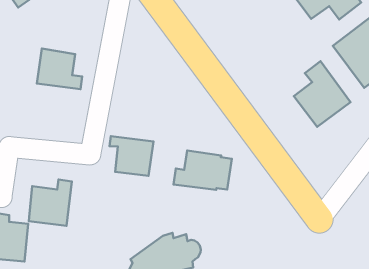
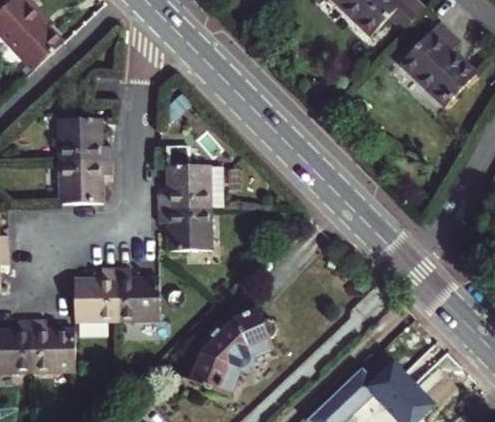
building: [294,61,350,127] -> none
building: none -> [59,158,111,203]
building: [174,151,232,190] -> [155,166,219,208]
building: none -> [117,268,163,321]

